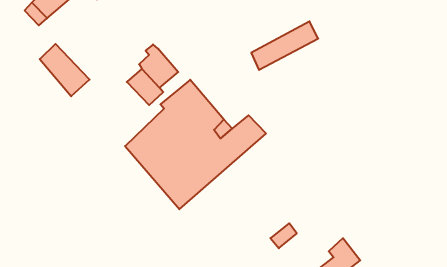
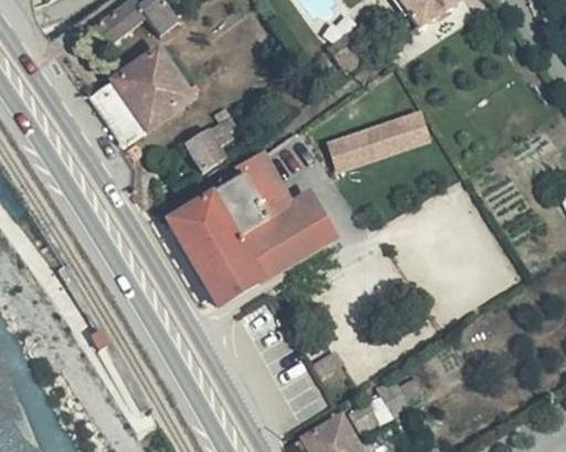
building: none -> [108,59,190,138]

